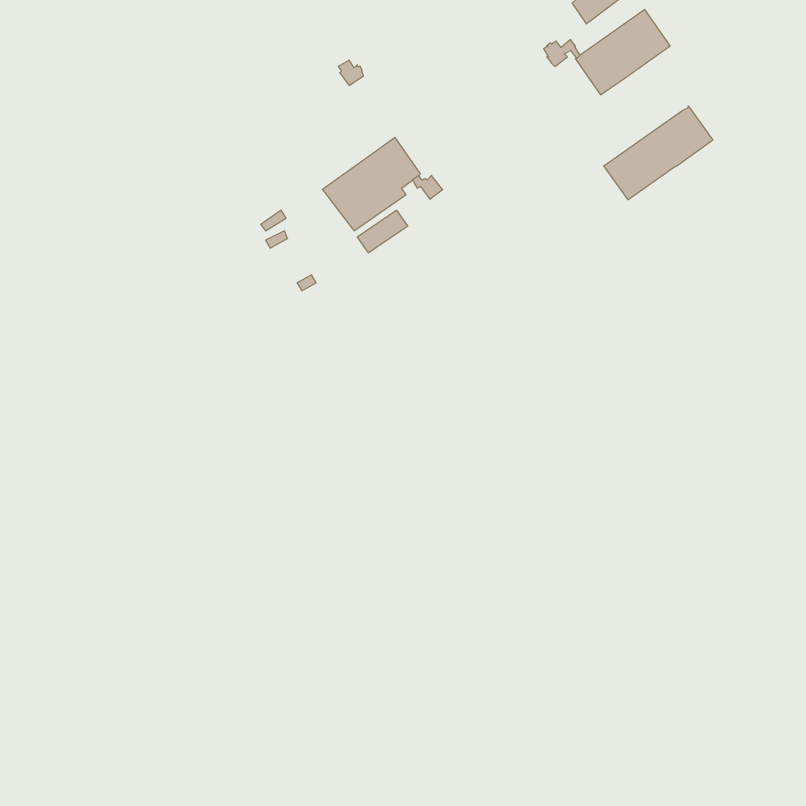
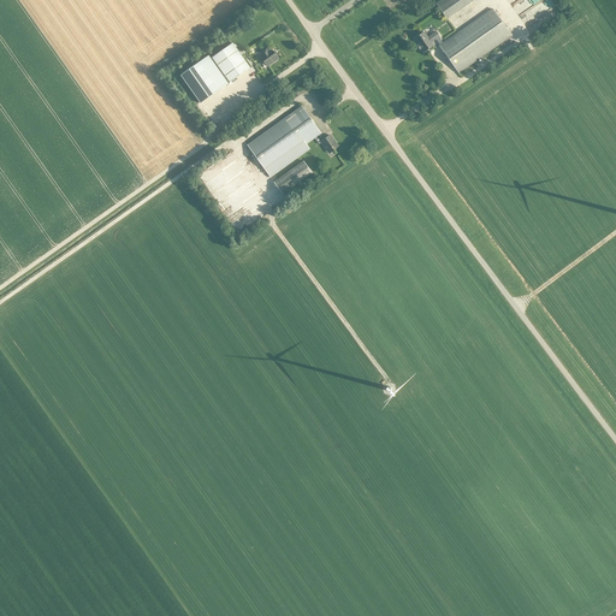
building: none -> [179,42,248,102]
building: [604,106,713,200] -> none

